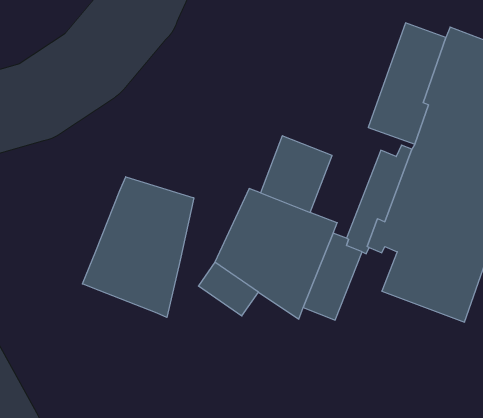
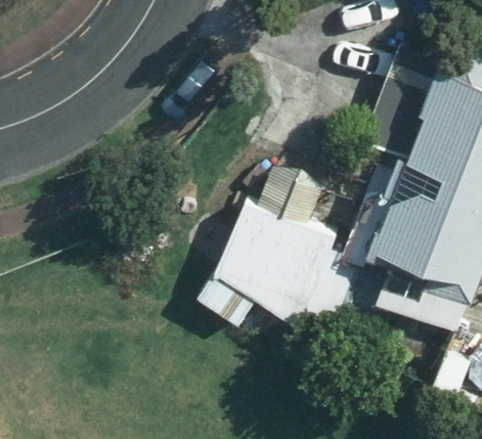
building: [82,177,194,317] -> none

